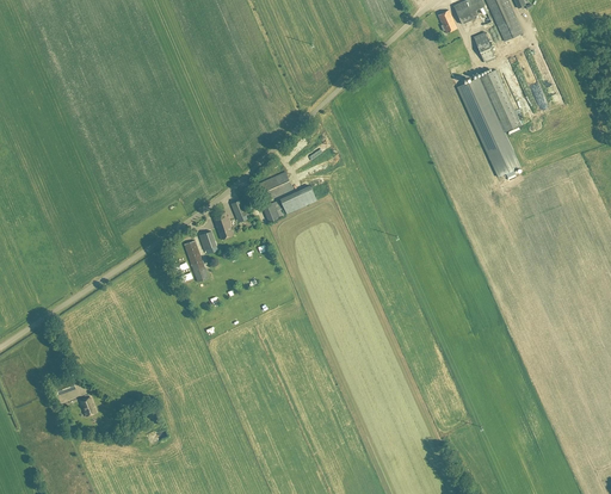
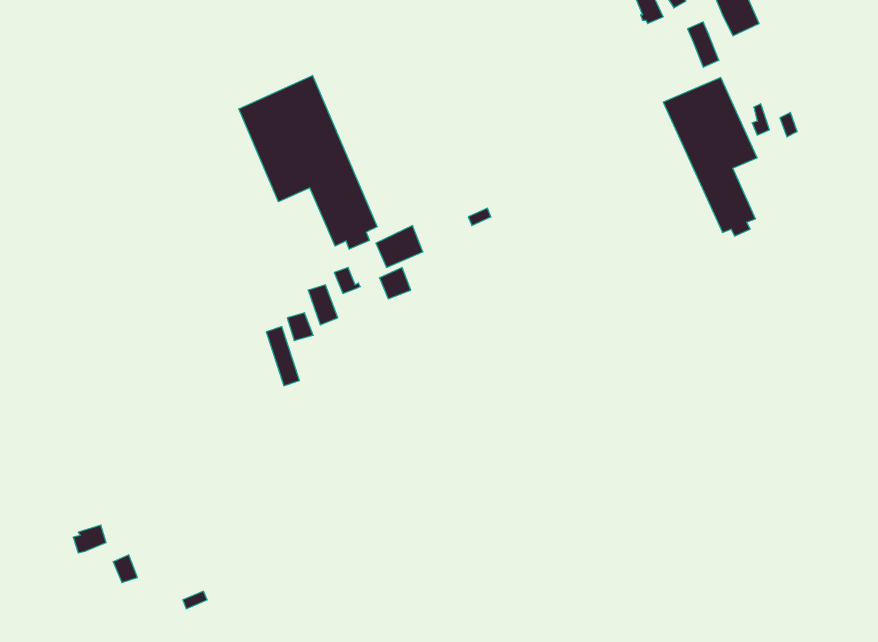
building: none -> [239,75,377,249]
building: [279,185,317,214] -> none

